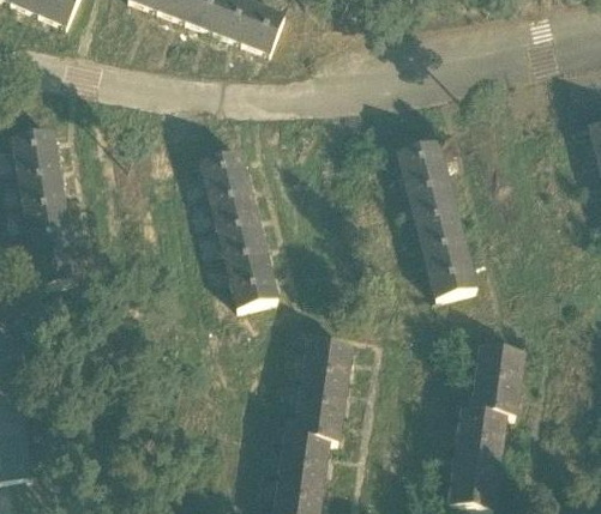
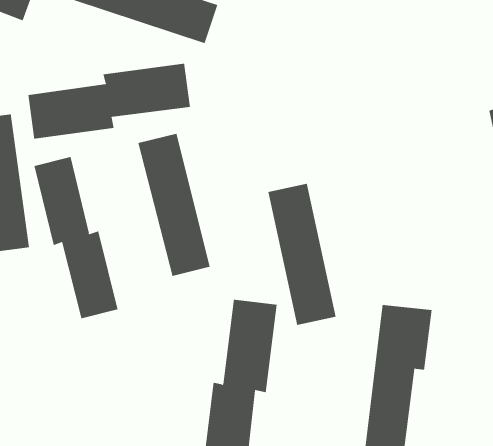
building: none -> [28,63,191,140]
building: [399,139,476,297] -> [268,183,336,325]
building: none -> [34,156,118,319]

